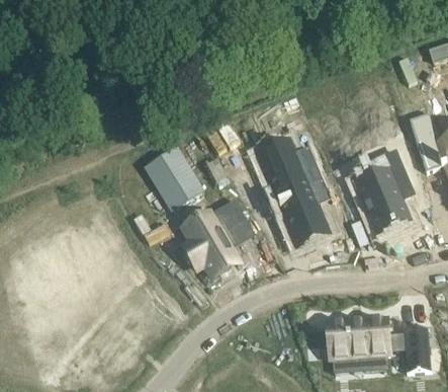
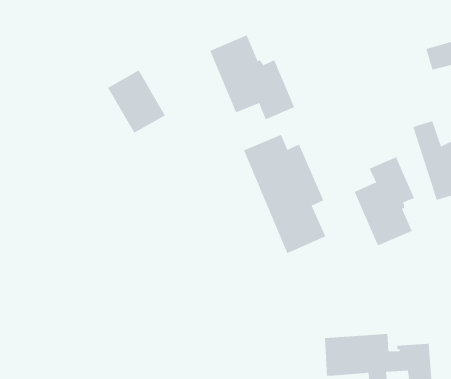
building: none -> [210,35,295,120]
building: [146,147,201,208] -> [107,70,166,134]
building: [177,199,253,285] -> none

